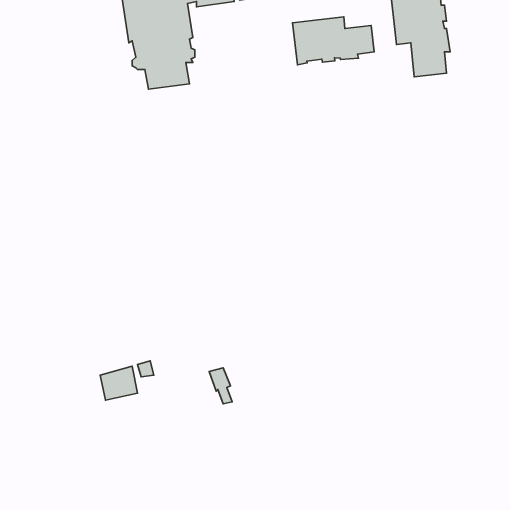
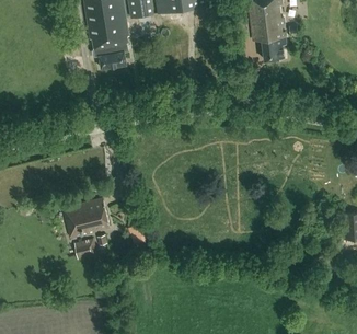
building: [293,17,374,65] -> none
building: none -> [61,197,108,237]

